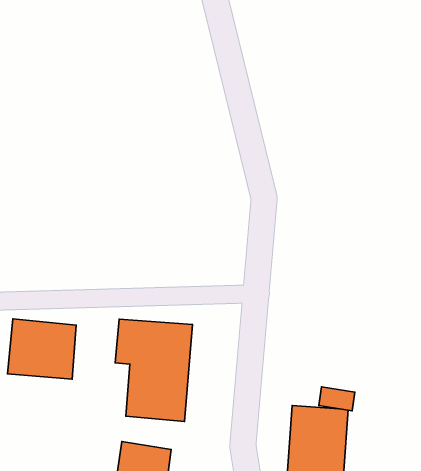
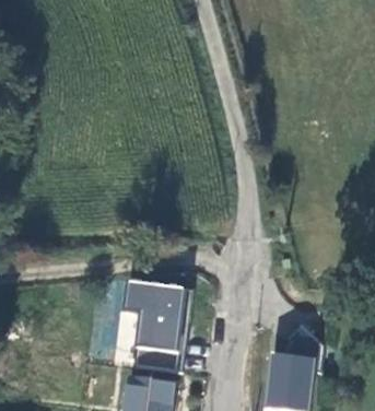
building: [8,319,76,379] -> none

